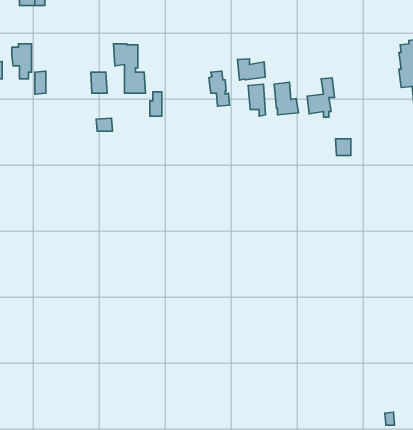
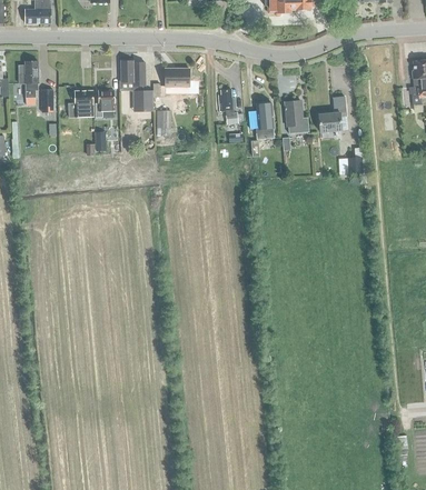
building: none -> [164,67,188,99]
building: [237,59,265,80] -> none
building: none -> [67,89,92,116]

